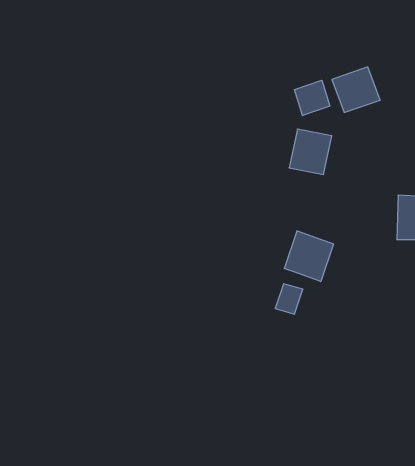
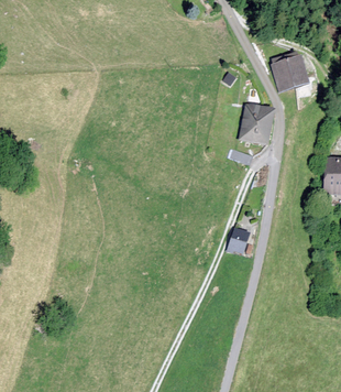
building: [294,80,330,116] -> none
building: [284,231,333,282] -> none

